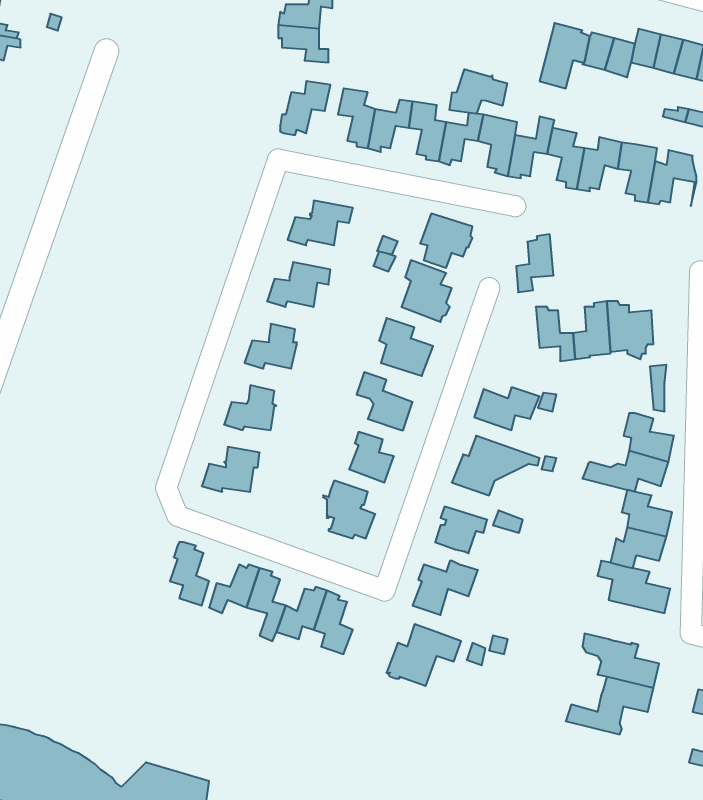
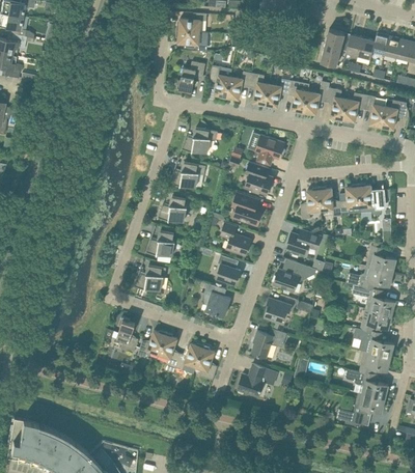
building: [450,69,507,114] -> none
building: [516,234,554,292] -> [301,186,322,218]
building: none -> [360,350,391,373]

